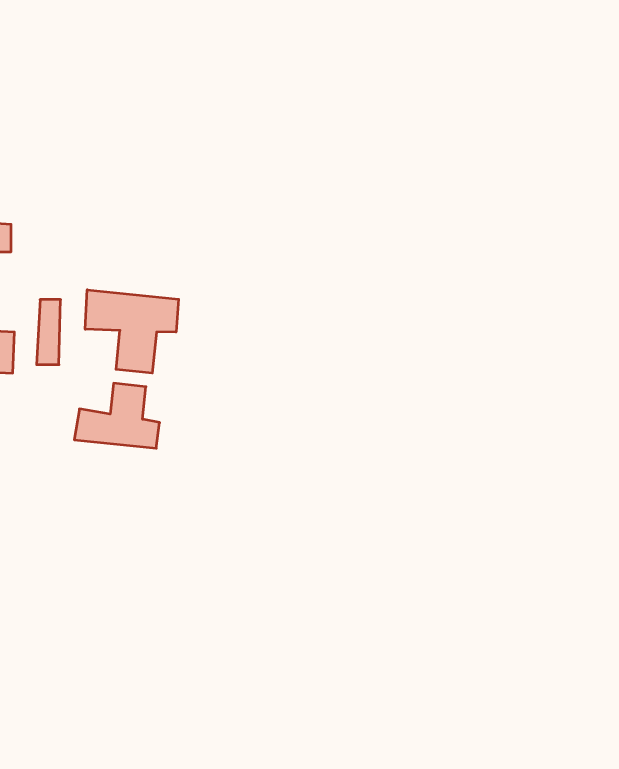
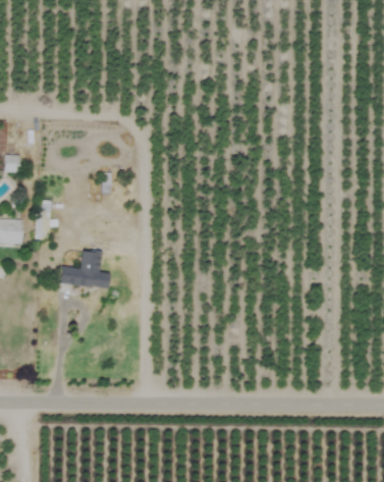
building: [85,290,179,373] -> none

